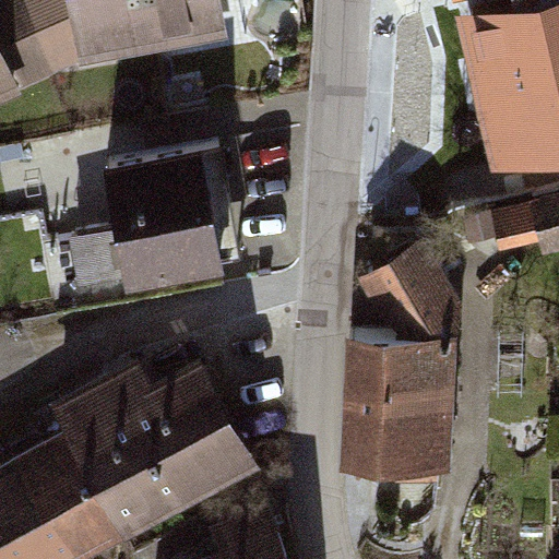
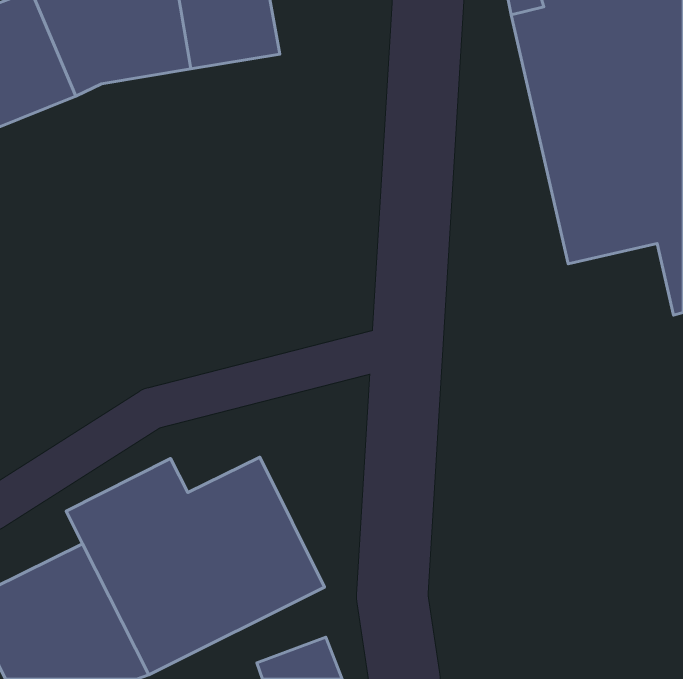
building: [70,138,234,286] -> none
building: [346,248,469,481] -> none

